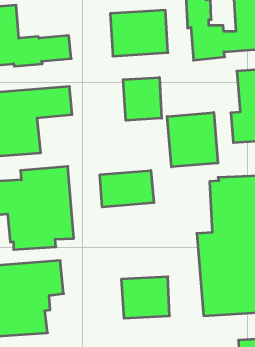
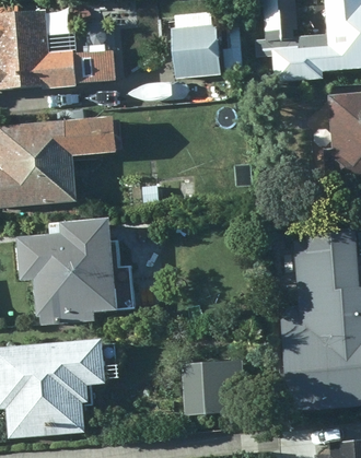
building: [123,77,162,120] -> none
building: [167,112,218,167] -> none
building: [100,170,154,207] -> none

